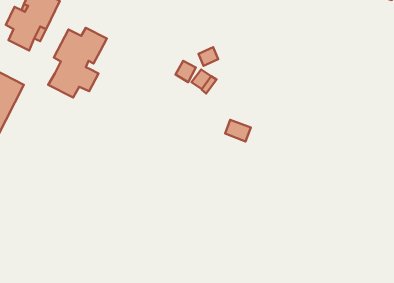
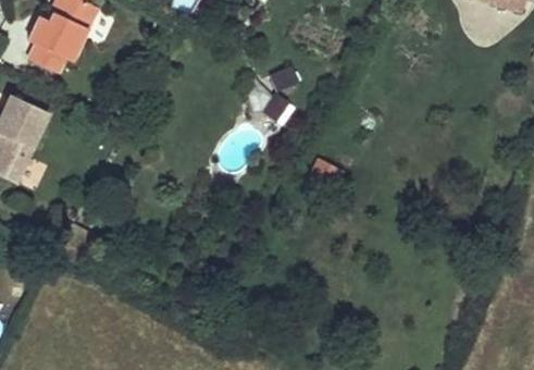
building: [48,28,107,98] -> none

